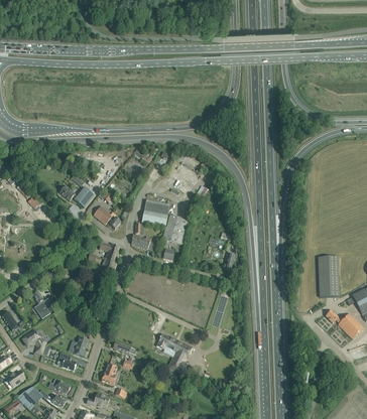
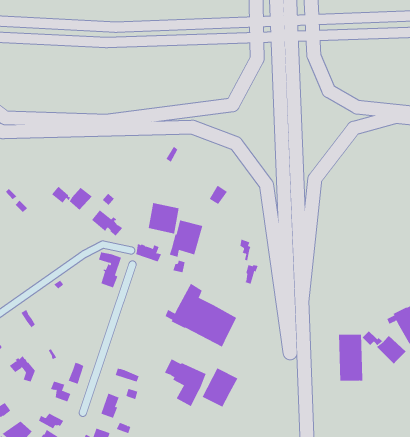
building: [318,256,339,296] -> [338,334,363,381]
building: none -> [165,283,237,347]
building: none -> [202,368,238,407]

